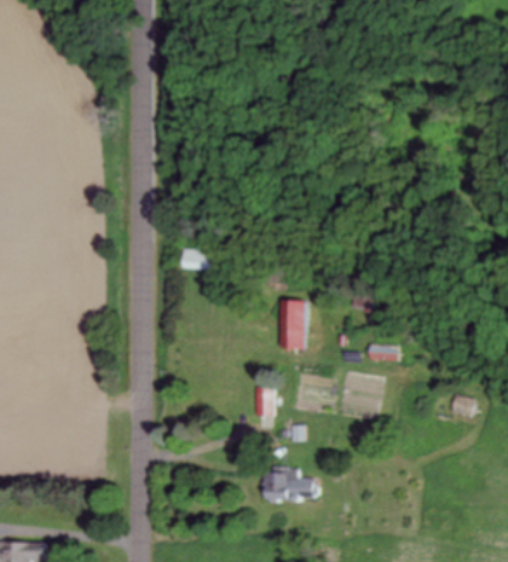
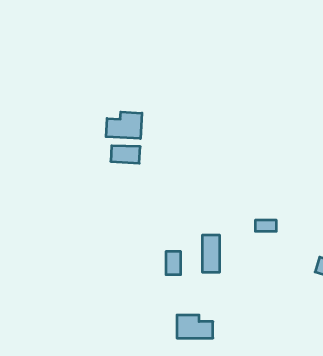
building: none -> [106,112,142,139]
building: [281,301,304,349] -> [202,235,220,272]

